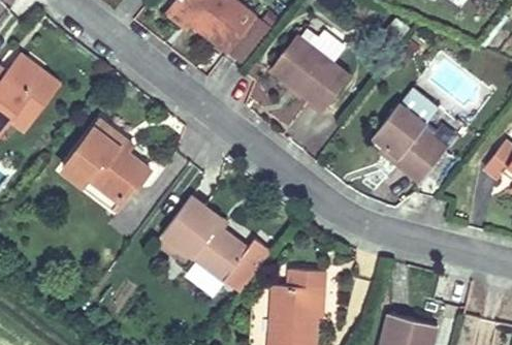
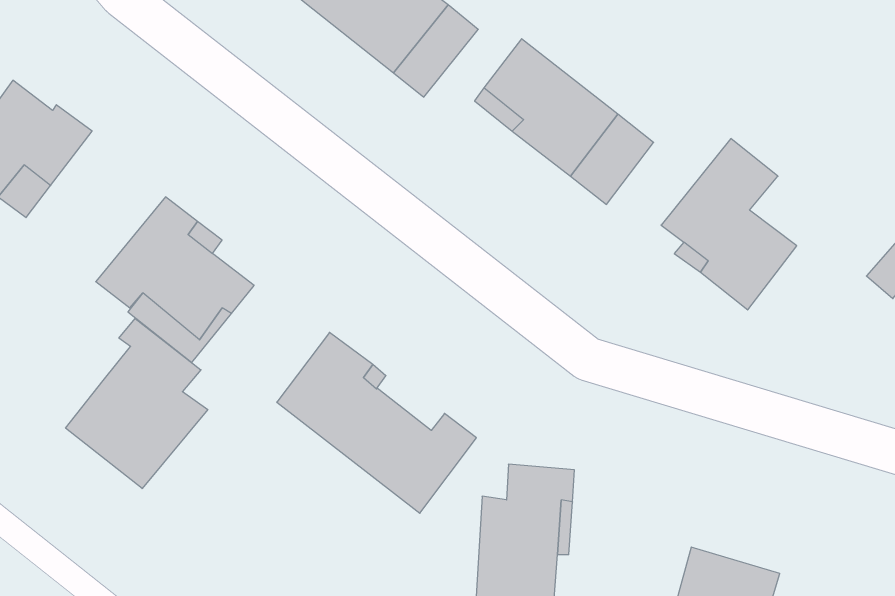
building: none -> [66,318,208,489]

